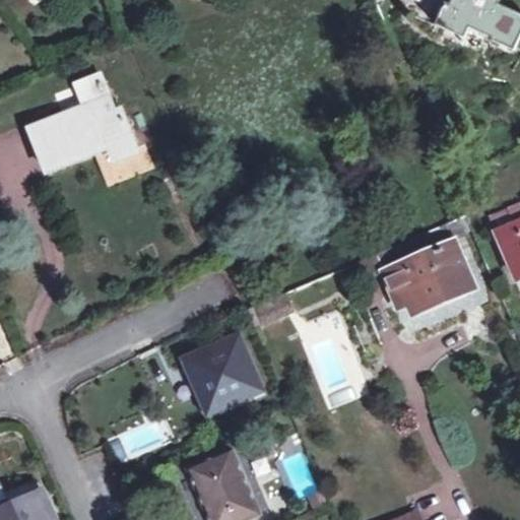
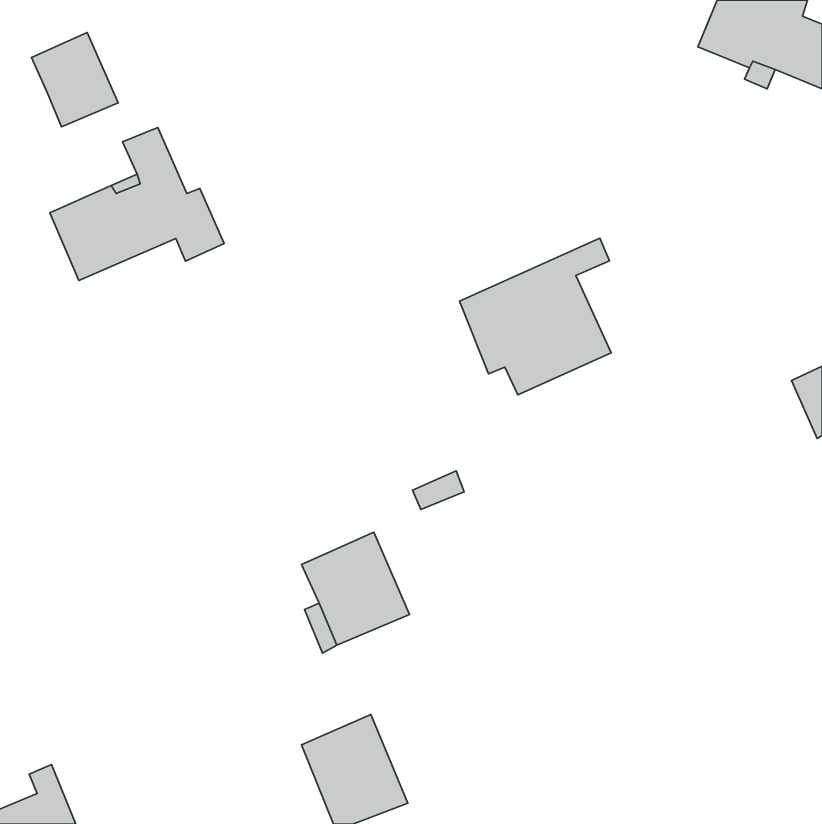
building: none -> [32,32,118,127]
building: [378,216,473,315] -> [460,238,611,395]

